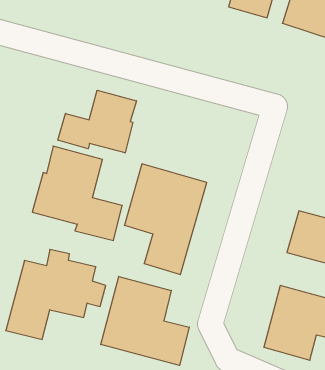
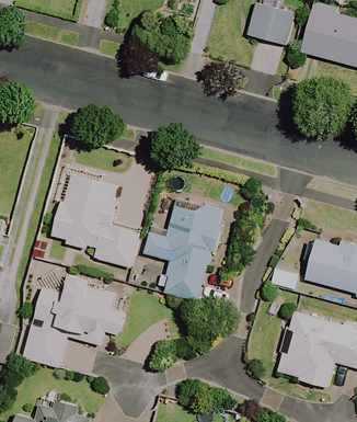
building: [58,90,136,153] -> none
building: [101,276,189,365] -> none

